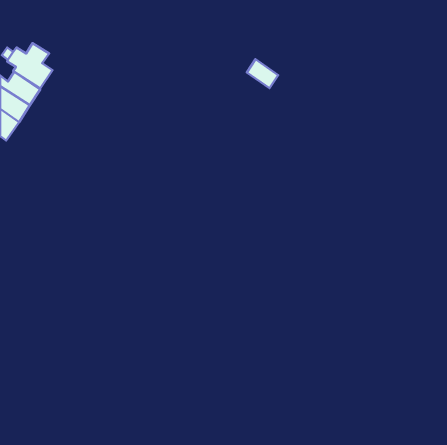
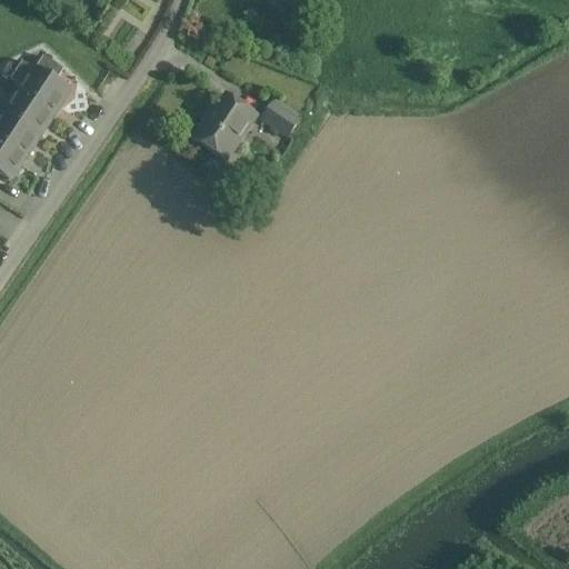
building: [247,59,278,88] -> [261,101,301,138]
building: none -> [192,93,256,159]

